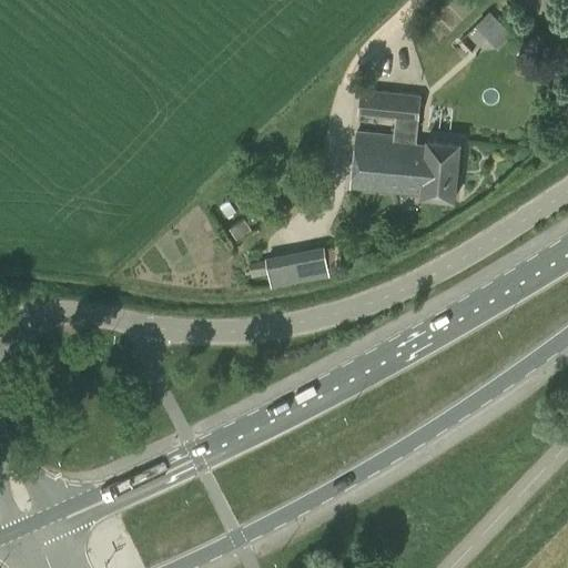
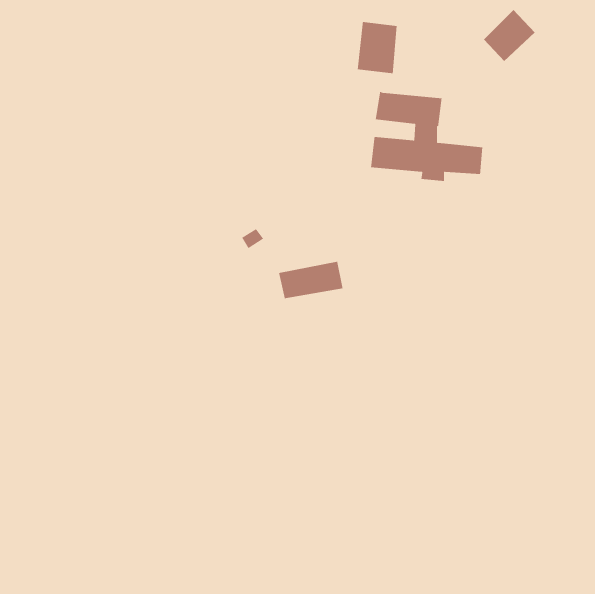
building: none -> [357,21,398,74]
building: [349,161,458,200] -> none

